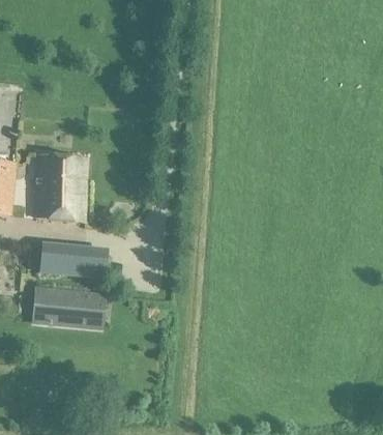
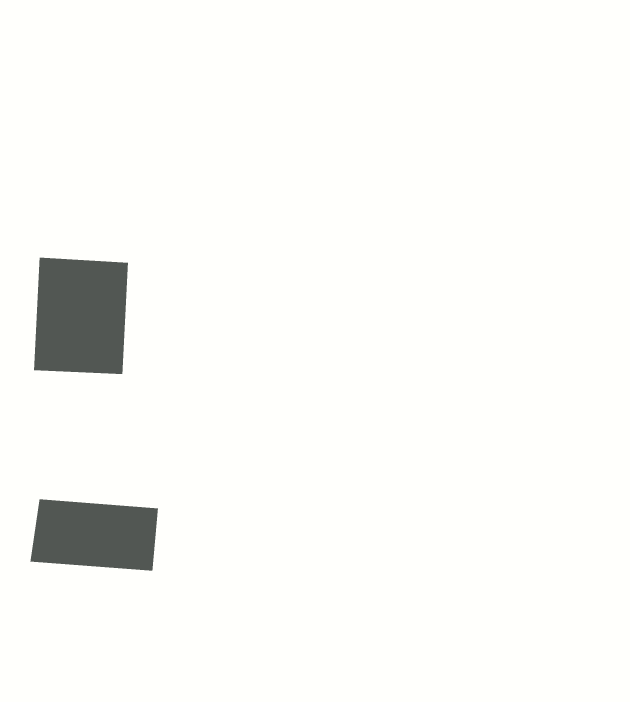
building: [38,240,107,276] -> none

